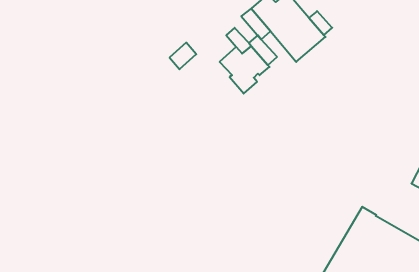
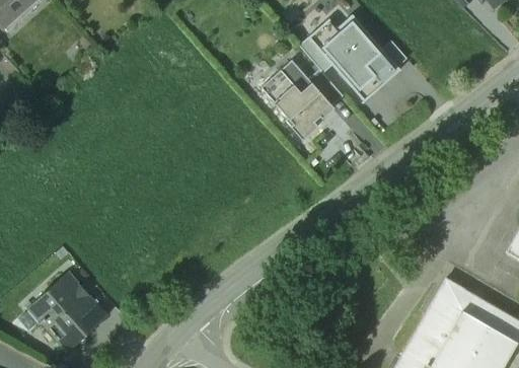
building: [170,43,196,69] -> [260,70,292,102]
building: none -> [26,271,107,353]

